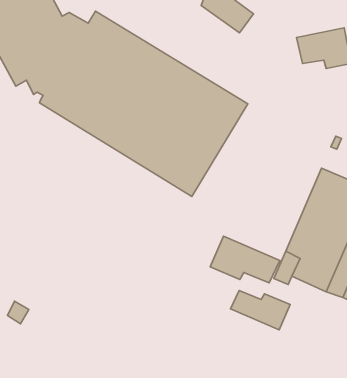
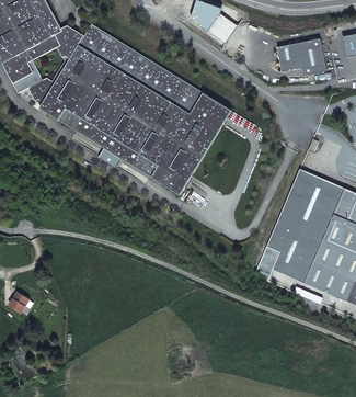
building: [210,236,280,283] -> none
building: [230,290,290,330] -> none

